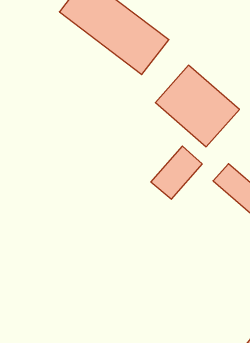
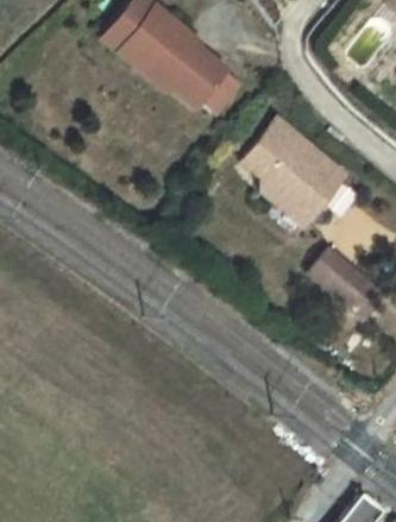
building: [151,146,202,199] -> none

